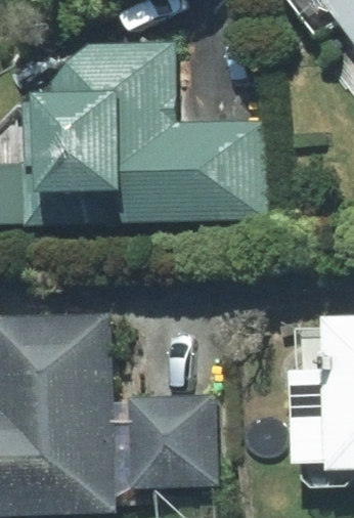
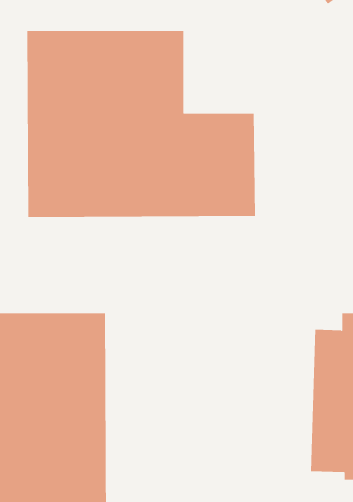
building: [133,398,211,485] -> none

